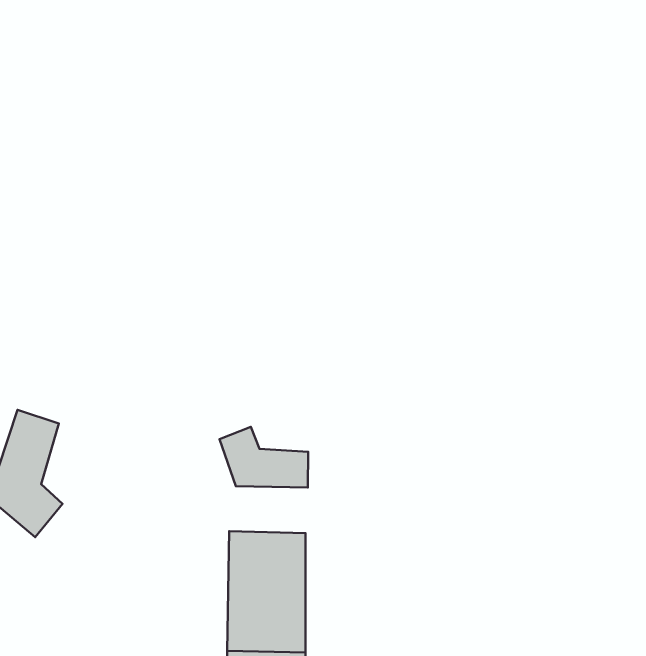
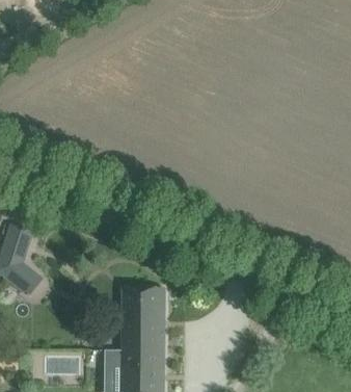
building: [219,427,308,487] -> none

